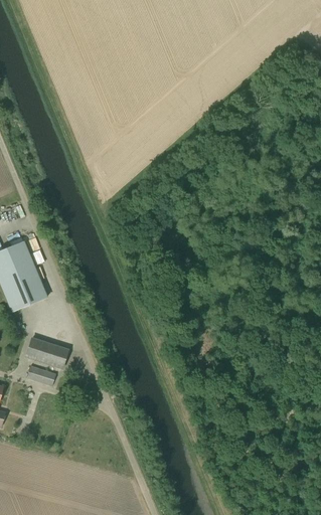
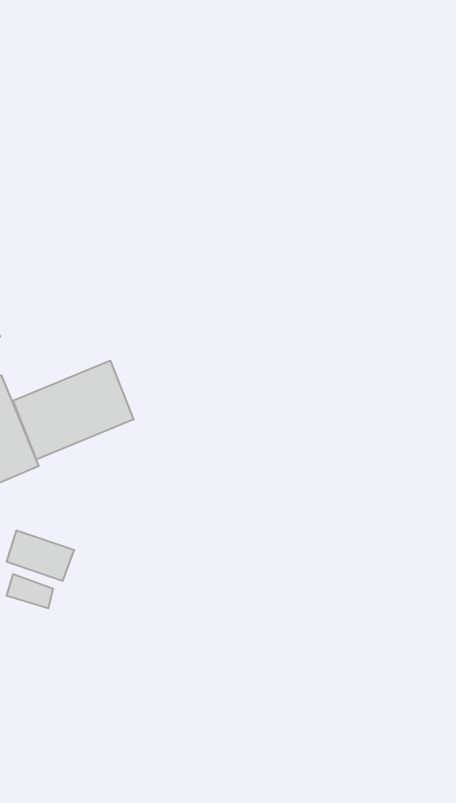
building: none -> [13,361,134,459]

